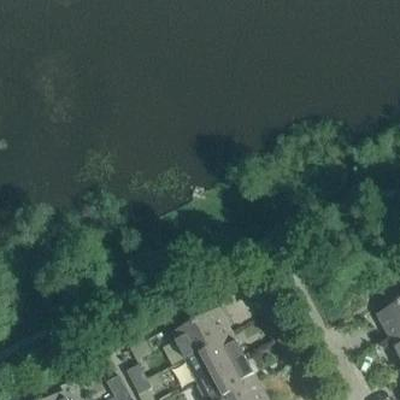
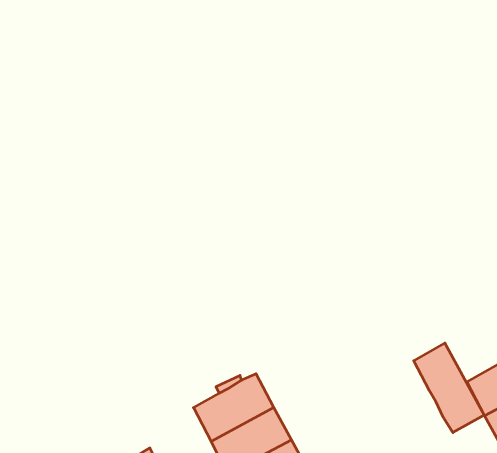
building: none -> [414,343,484,433]

